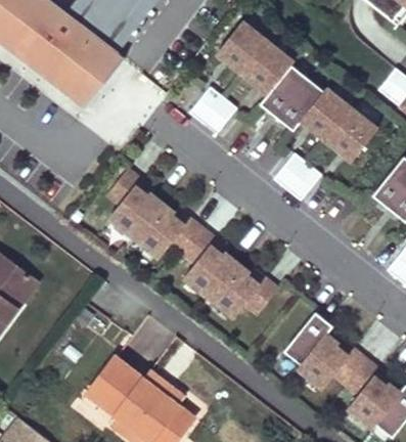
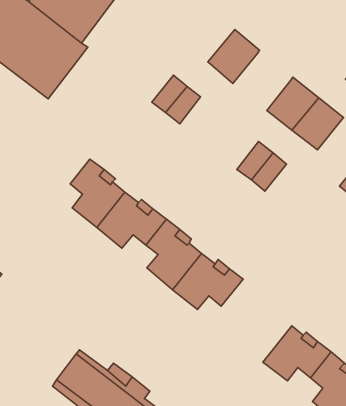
building: [217,18,269,72] -> none
building: [260,63,324,129] -> none
building: [282,311,331,368] -> none

